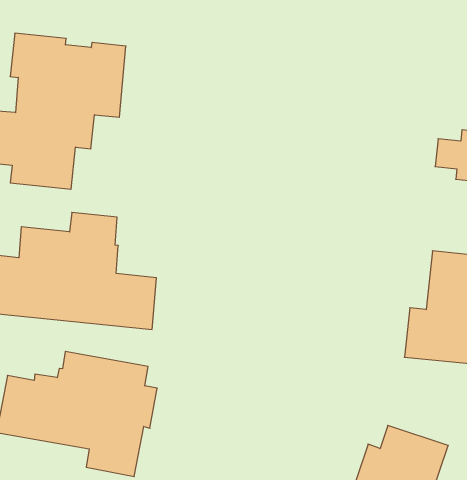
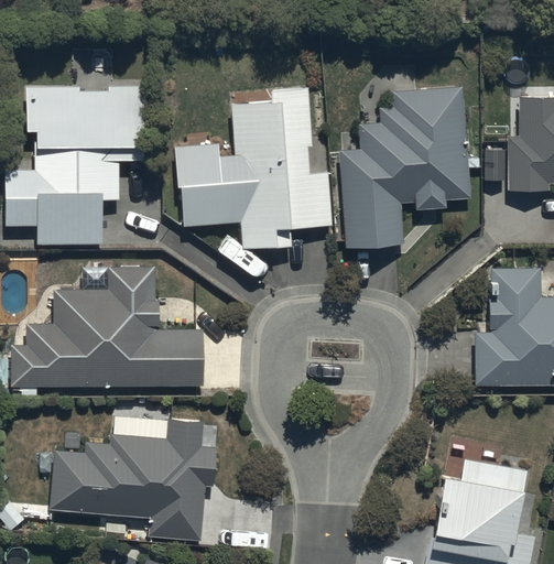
building: none -> [175,88,332,252]
building: none -> [337,87,480,248]

